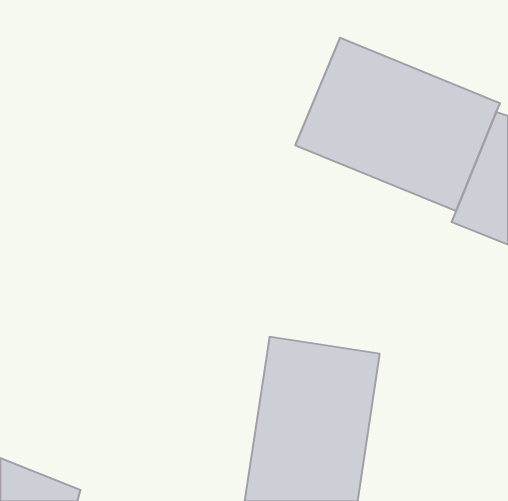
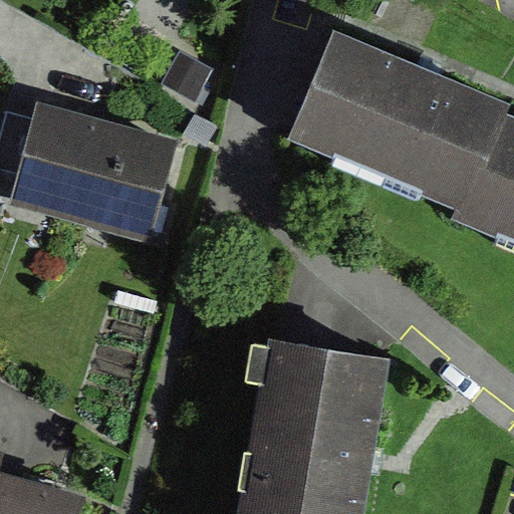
building: none -> [11,107,180,235]

